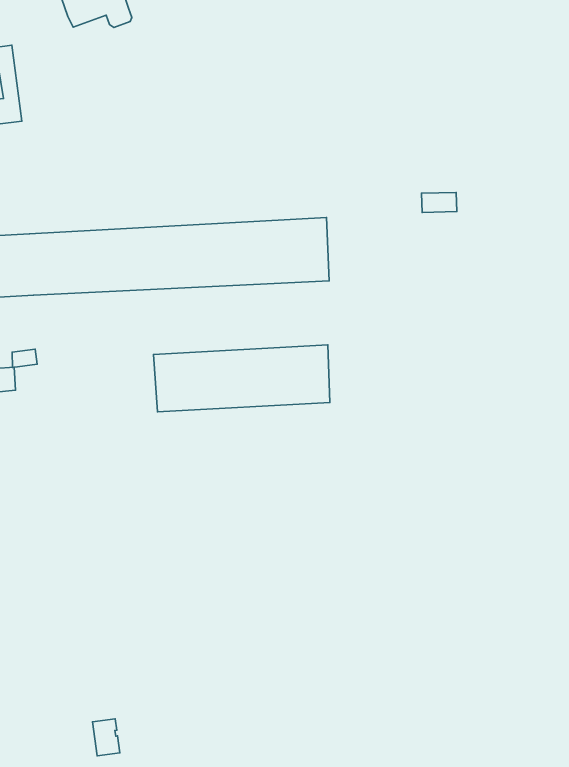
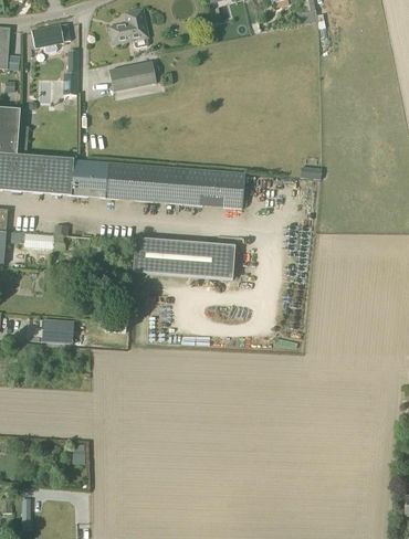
building: none -> [108,61,157,91]
building: none -> [41,318,73,342]

